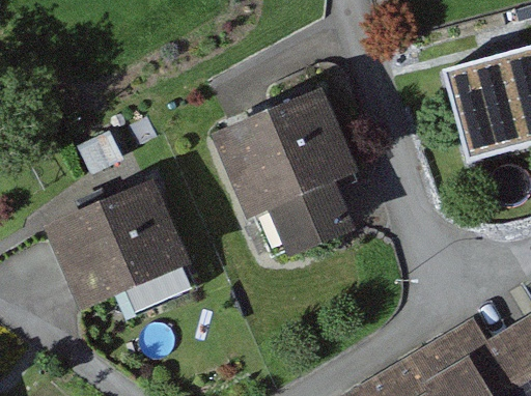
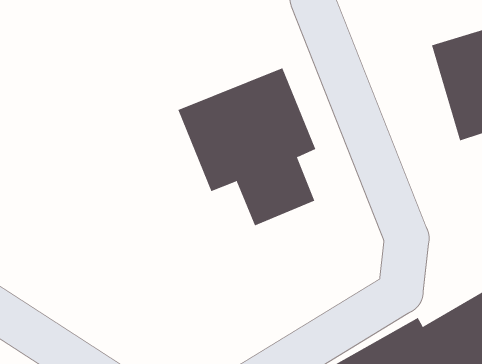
building: [40,185,185,301] -> none

